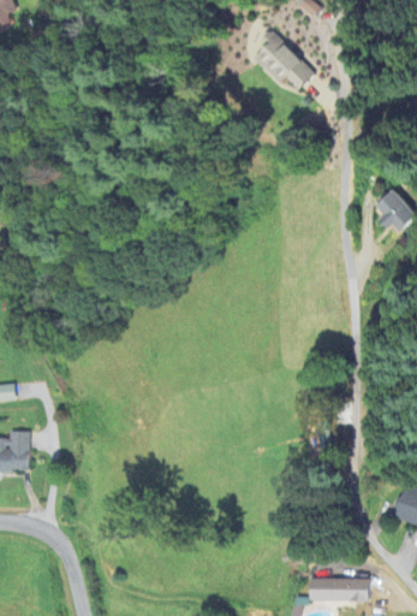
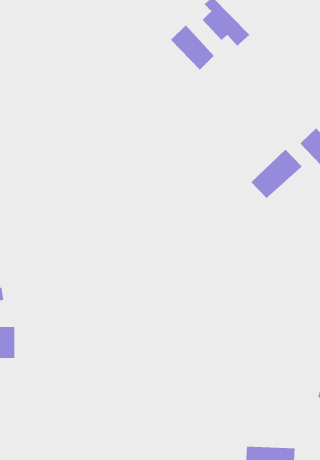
building: none -> [170,25,215,70]
building: none -> [250,149,302,199]

